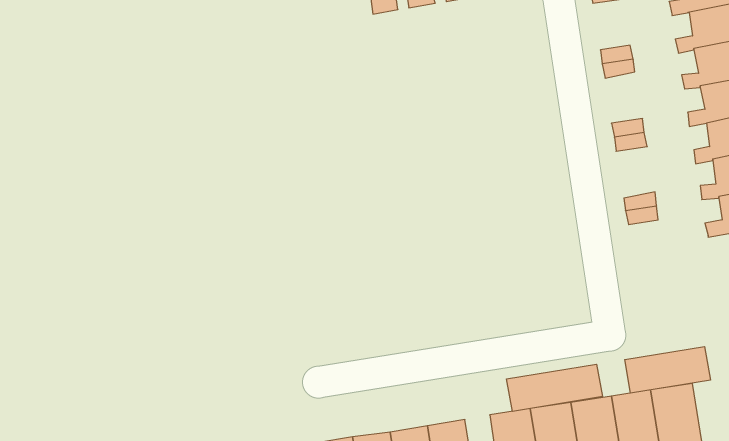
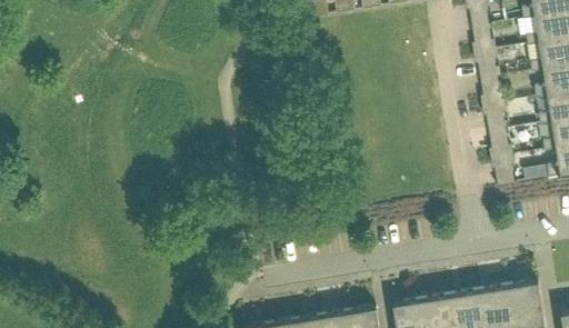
building: [625,347,710,393] -> none
building: [507,364,602,411] -> none

